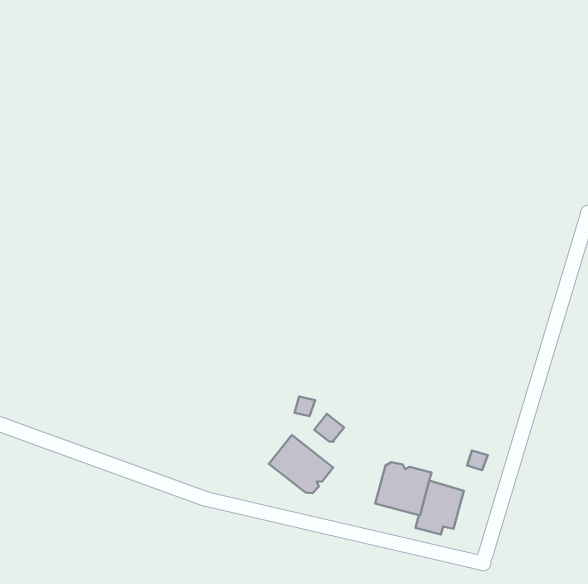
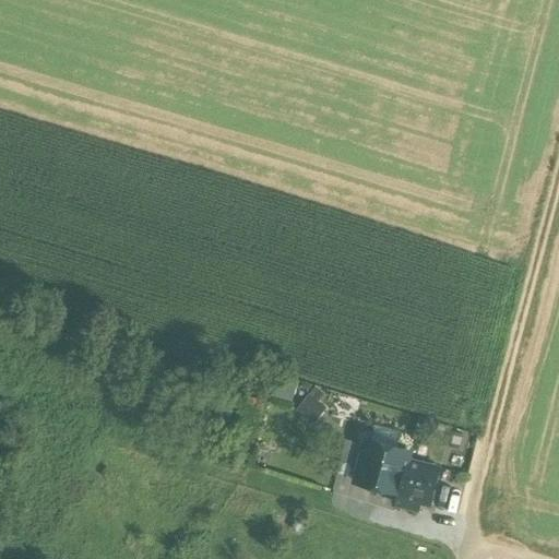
building: [269,435,333,493] -> none

